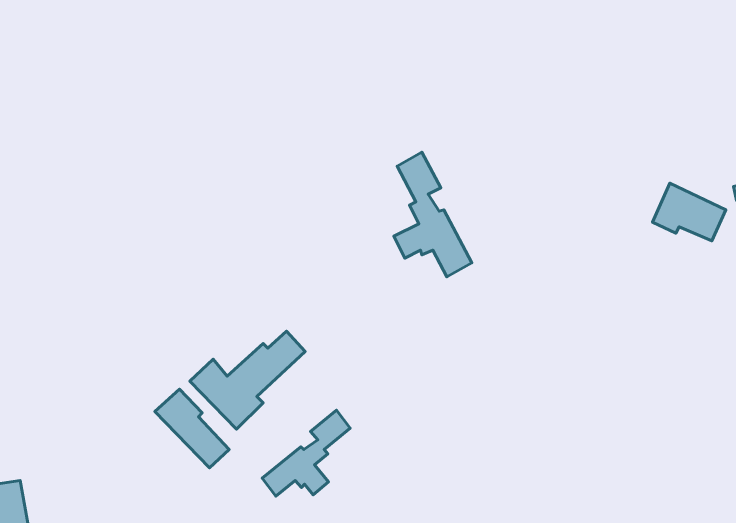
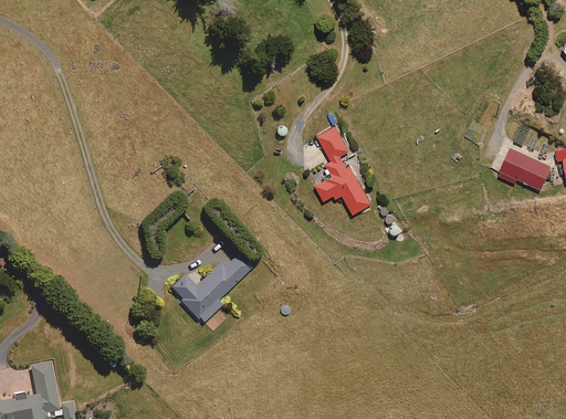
building: [155,389,229,468] -> none
building: [262,410,350,496] -> none

